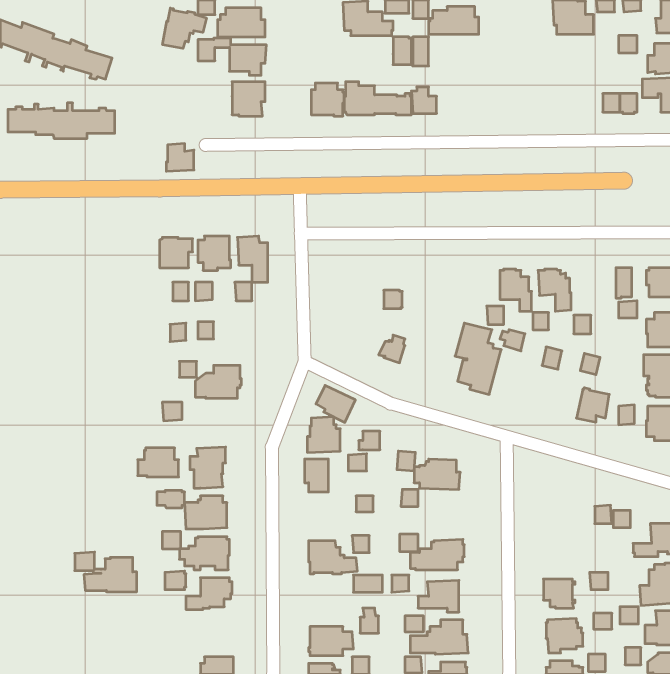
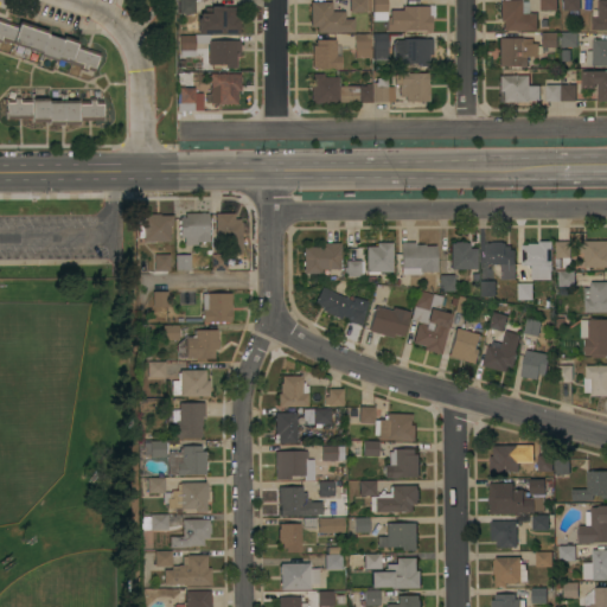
building: [163,8,206,48] -> none
building: none -> [499,32,556,66]
building: none -> [394,39,435,66]
building: none -> [396,72,432,102]
building: none -> [500,75,539,102]
building: [311,83,344,116] -> [314,39,344,69]
building: [166,144,194,171] -> [180,87,205,111]
building: none -> [523,241,554,279]
building: none -> [306,243,343,274]
building: none -> [369,243,395,274]
building: none -> [403,243,440,275]
building: none -> [205,293,234,322]
building: none -> [371,306,413,338]
building: none -> [451,328,483,364]
building: none -> [484,332,520,372]
building: [316,385,355,422] -> [317,287,352,320]
building: [138,448,179,477] -> [174,370,211,396]
building: none -> [492,445,520,472]
building: none -> [386,448,420,478]
building: none -> [277,451,317,480]
building: none -> [490,479,547,513]
building: [75,552,137,592] -> [156,550,212,586]
building: none -> [280,523,302,552]

